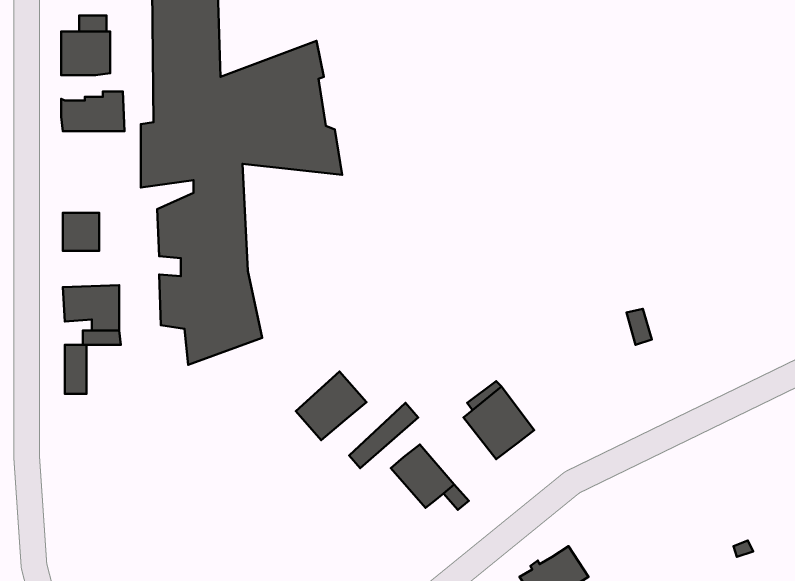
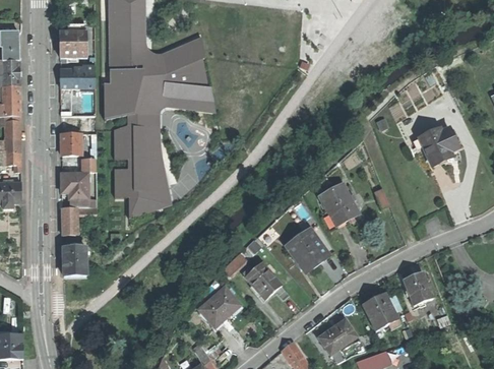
building: none -> [419,128,457,165]
building: none -> [316,184,355,226]
building: [296,371,367,440] -> [198,288,238,326]
building: none -> [62,248,86,275]
building: none -> [404,271,432,307]
building: none -> [362,294,399,330]

